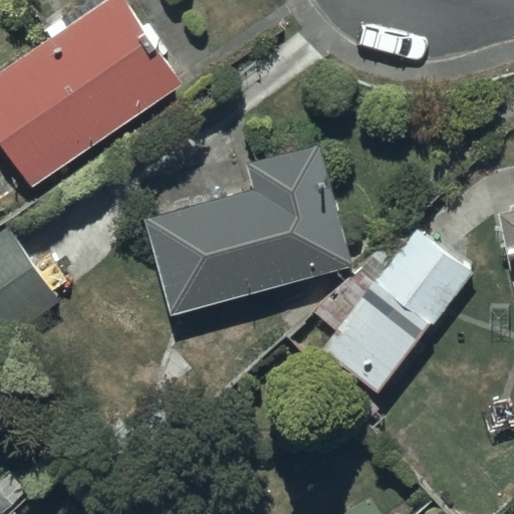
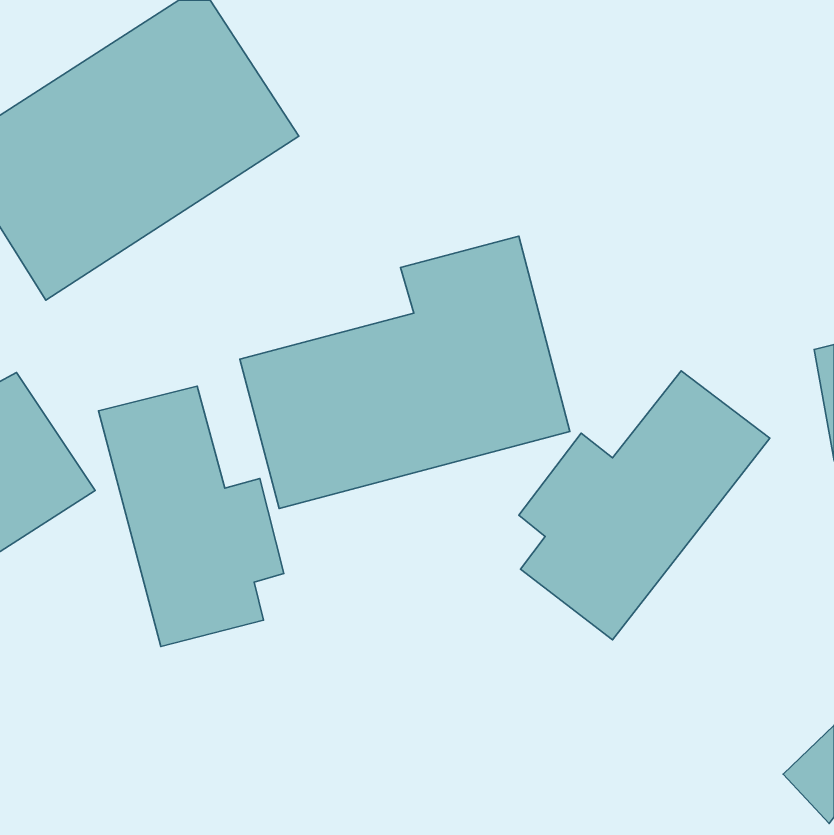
building: none -> [98,386,284,646]

